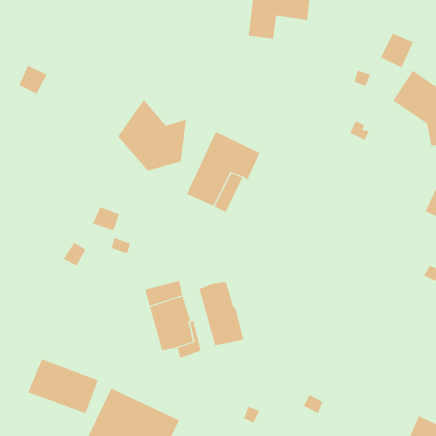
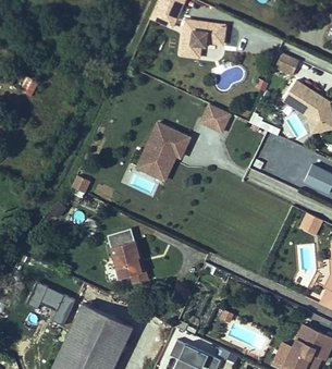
building: [117,99,187,171] -> none
building: none -> [199,104,232,134]
building: [199,281,244,346] -> none

